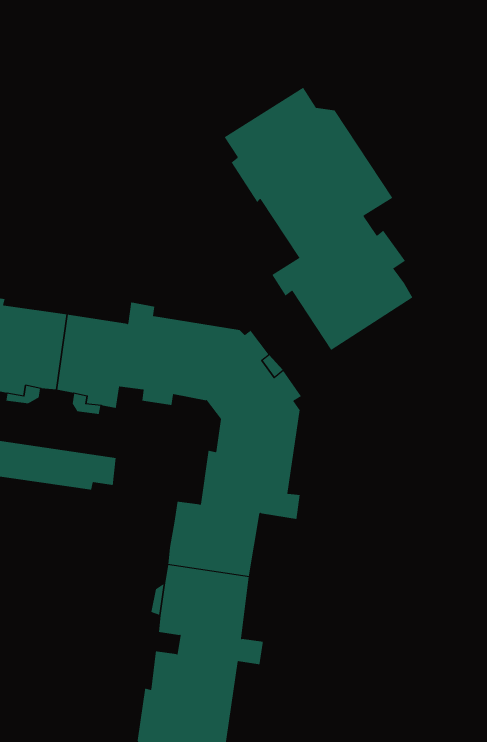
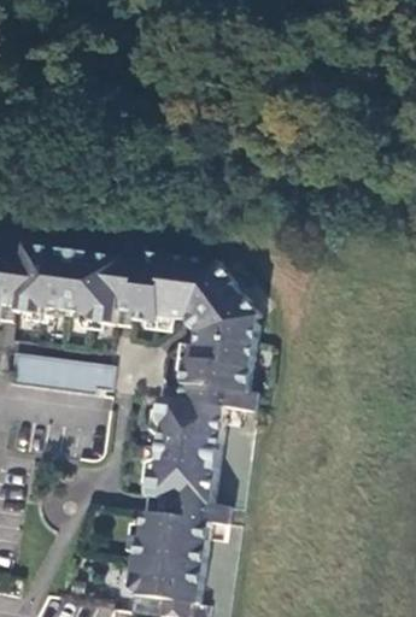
building: [224,87,413,351] -> none

